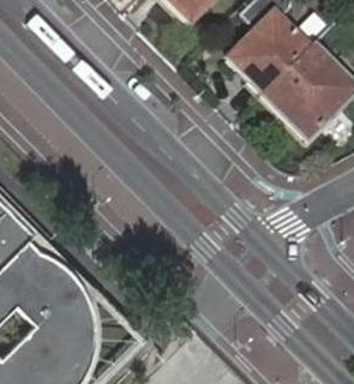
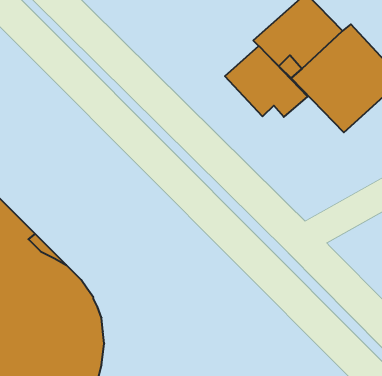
building: none -> [225,46,308,117]

